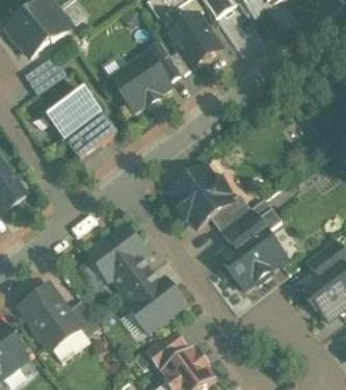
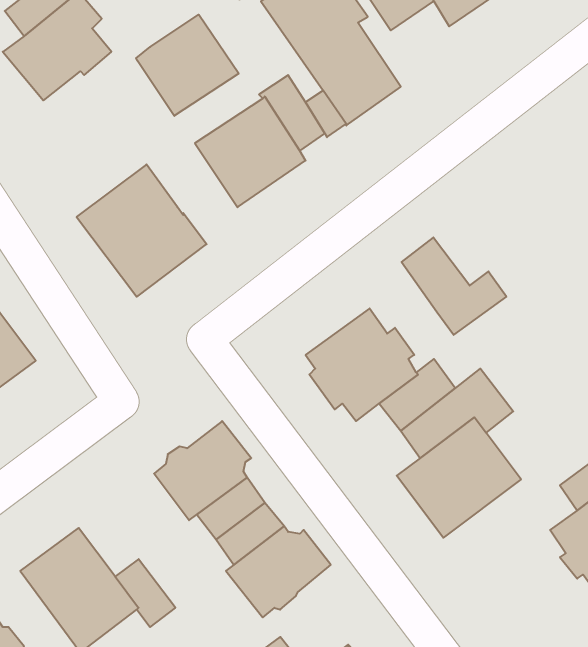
building: none -> [136,15,239,116]
building: [26,56,66,94] -> none
building: none -> [402,237,506,335]

